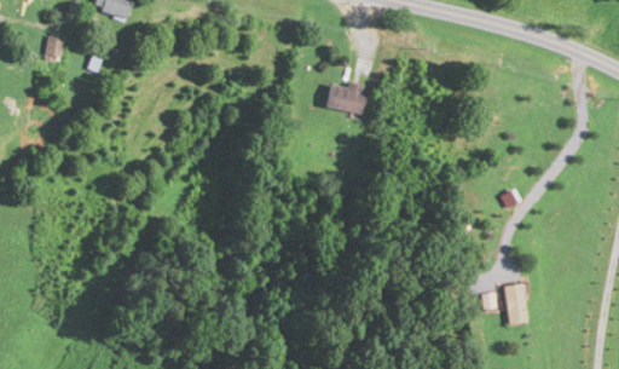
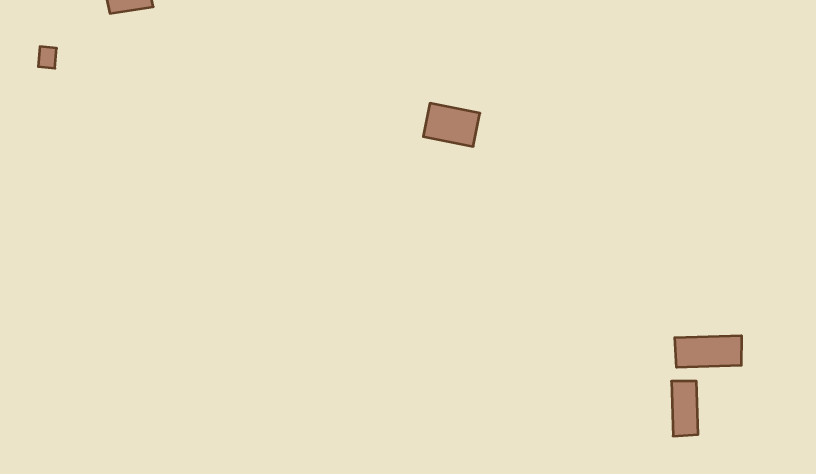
building: none -> [675,336,741,367]

